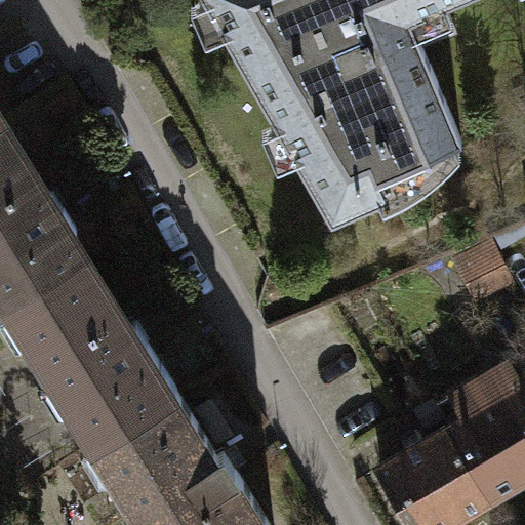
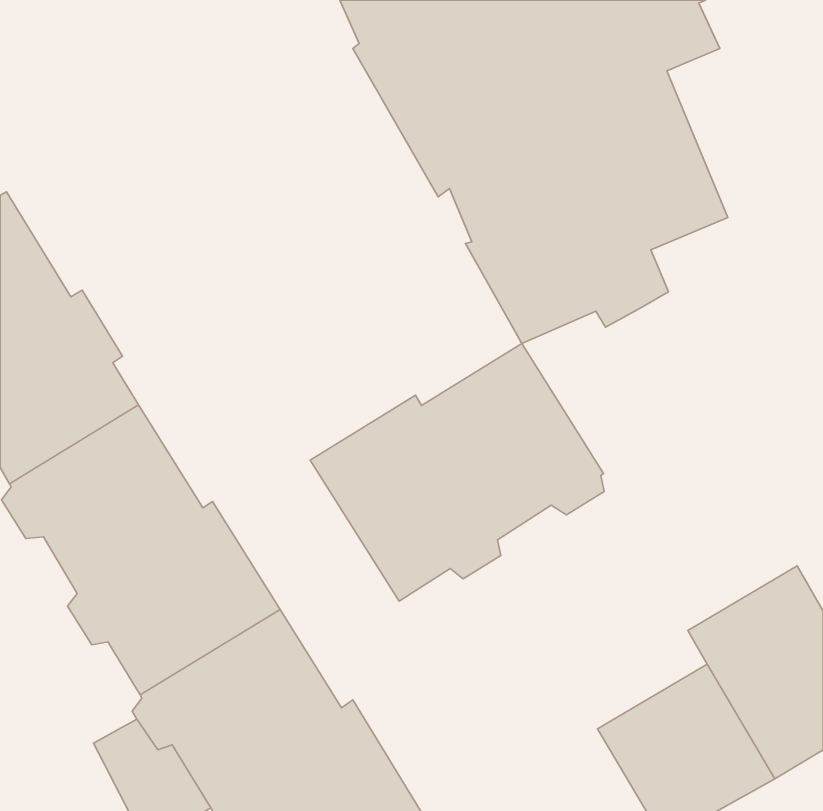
building: none -> [310,343,604,601]

